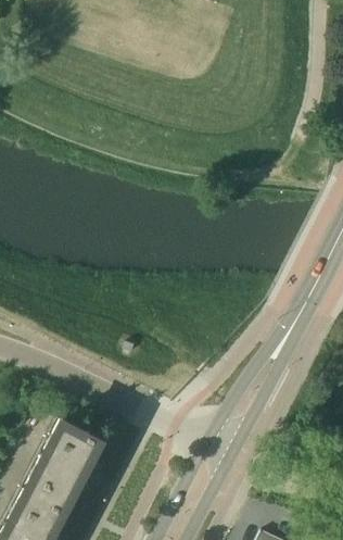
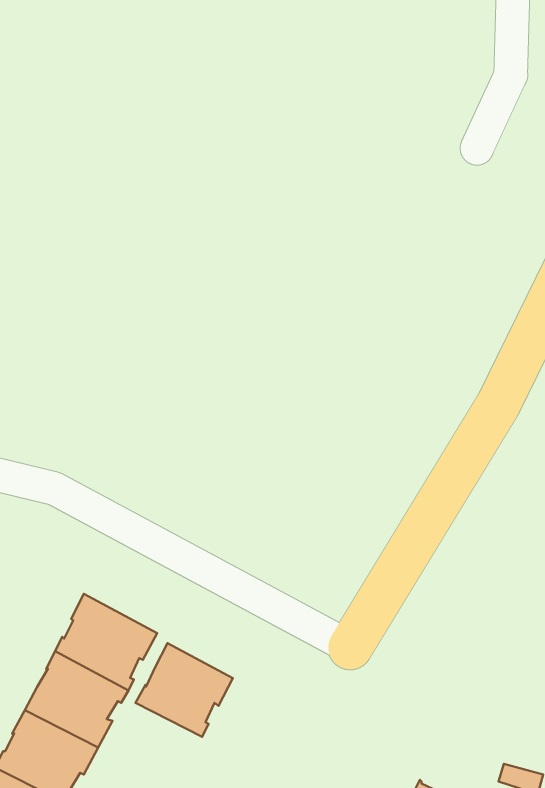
building: none -> [136,643,233,737]

